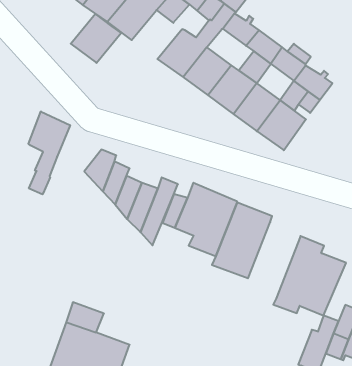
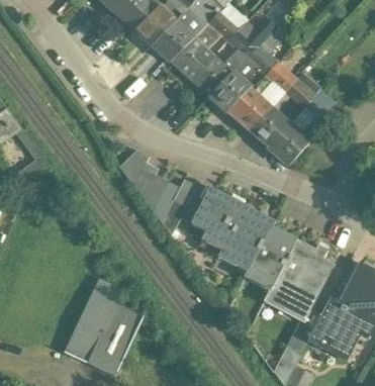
building: [71,14,121,63] -> [170,37,213,79]
building: [28,111,70,194] -> none
building: none -> [246,225,297,290]

